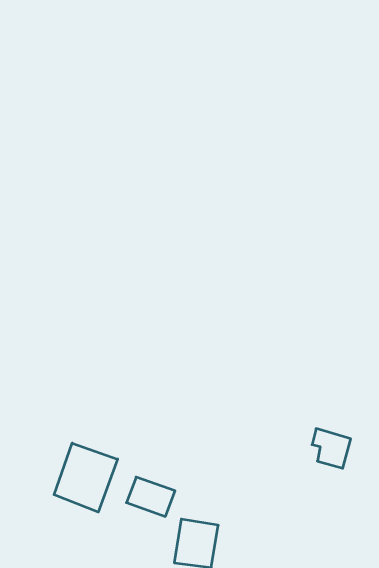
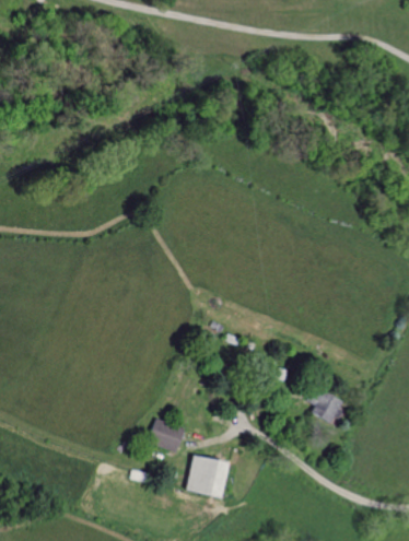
building: [54,443,118,512] -> none

